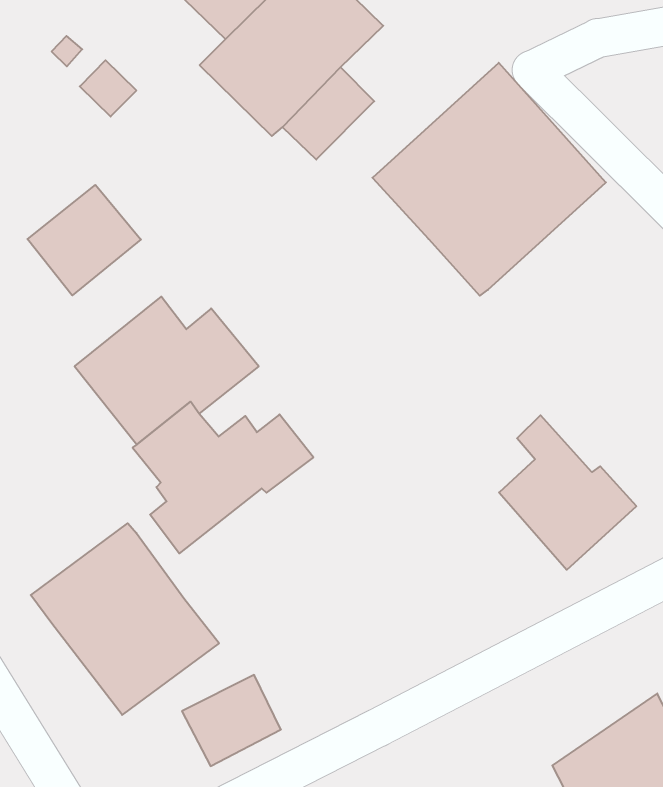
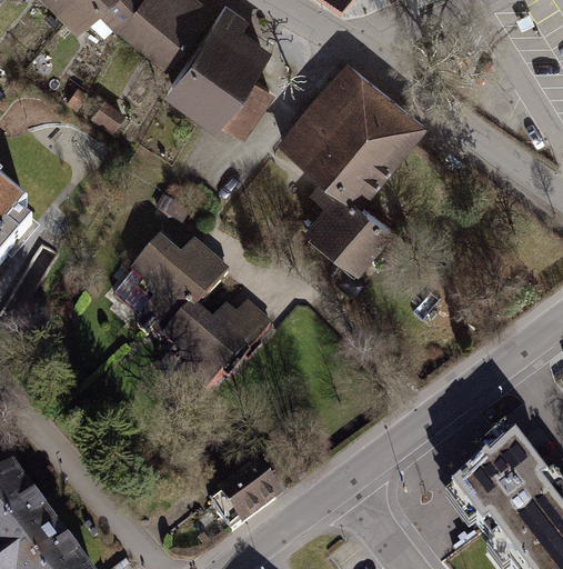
building: [27,185,141,295] -> none
building: [499,415,636,570] -> [304,176,391,269]
building: [31,523,219,715] -> none

